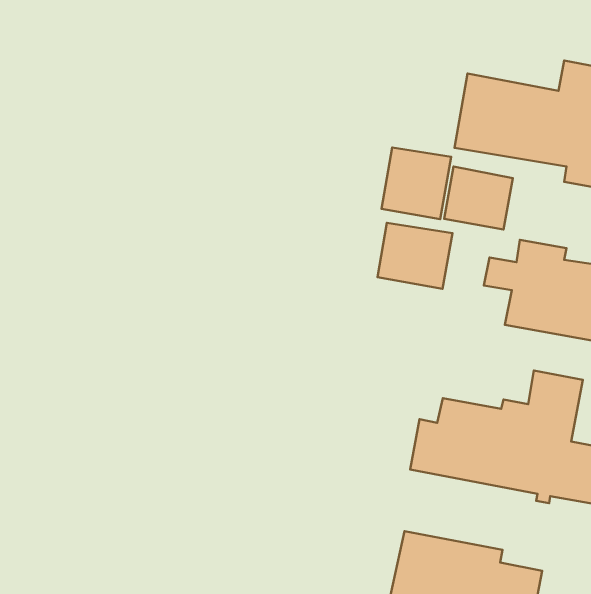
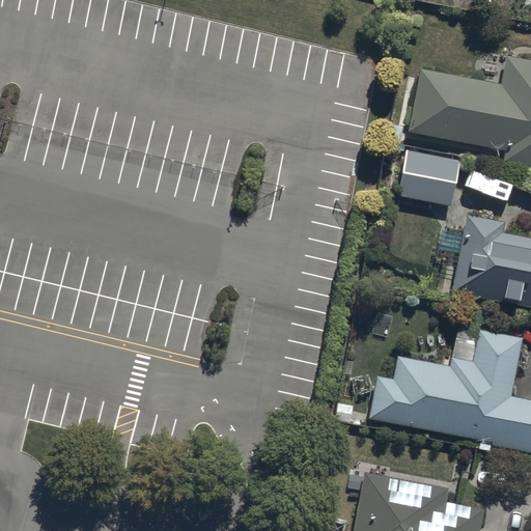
building: [382,148,451,219] -> none
building: [378,223,452,289] -> none

